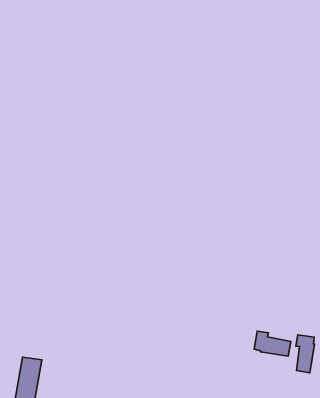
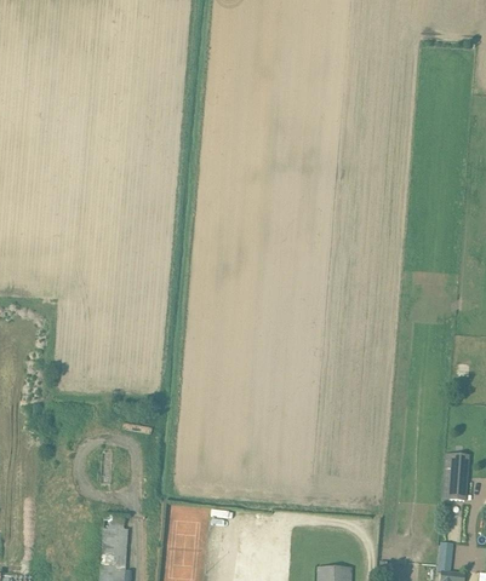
building: [254,331,291,356] -> none

